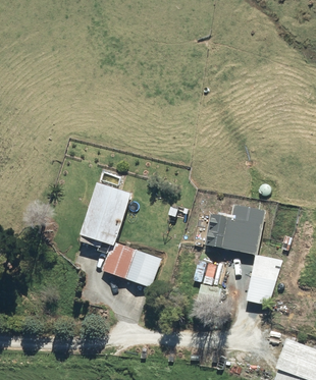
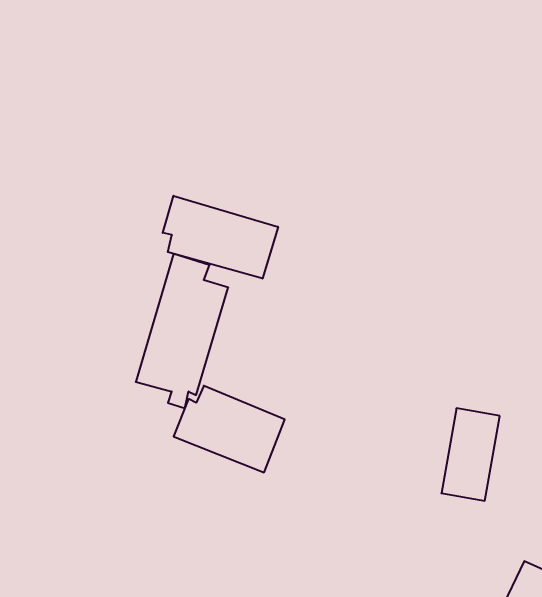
building: none -> [163,196,278,279]
building: [205,205,264,254] -> none

